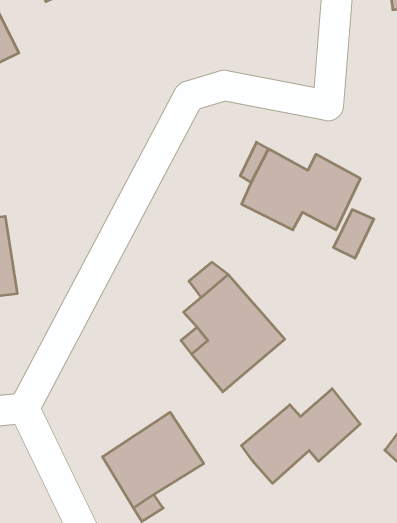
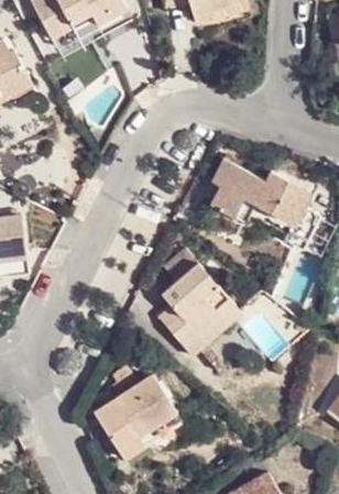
building: [241,389,360,483] -> none

